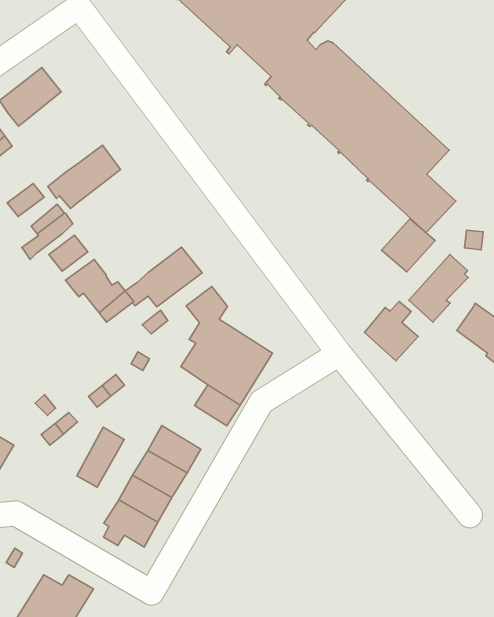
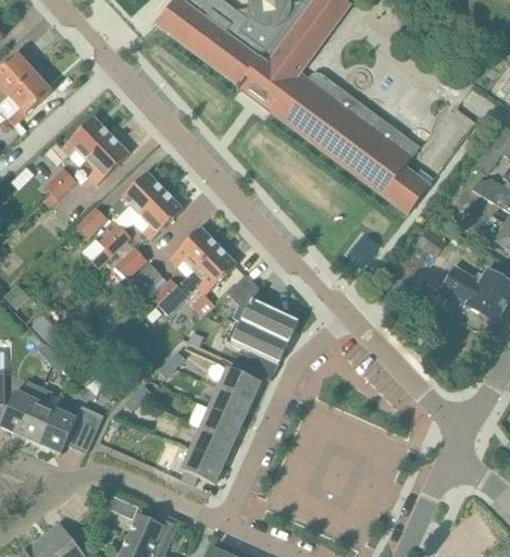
building: none -> [86,134,128,183]
building: none -> [132,189,182,238]
building: [381,219,435,272] -> none
building: none -> [171,226,217,268]
building: [365,301,418,361] -> none
building: none -> [217,364,260,401]
building: [77,427,124,487] -> none

